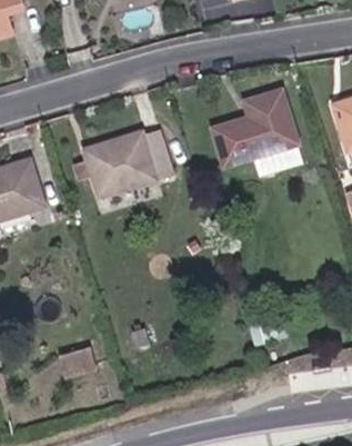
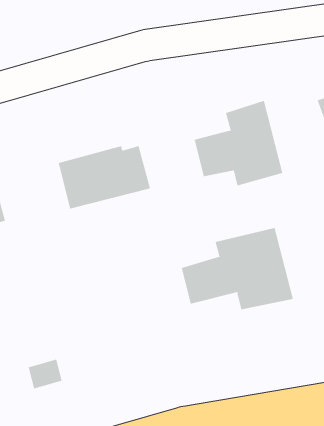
building: none -> [181,227,293,310]

